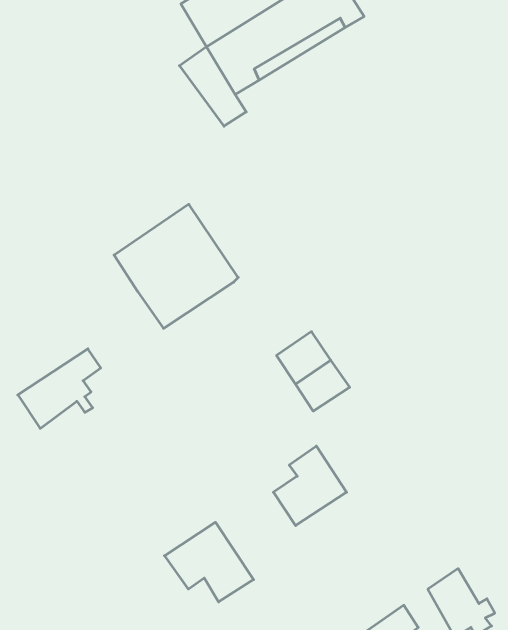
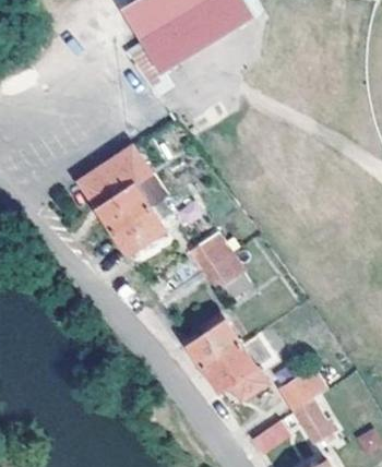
building: [18,349,101,428] -> [112,200,169,254]
building: [164,522,254,602] -> [203,344,264,398]
building: none -> [280,369,324,410]

